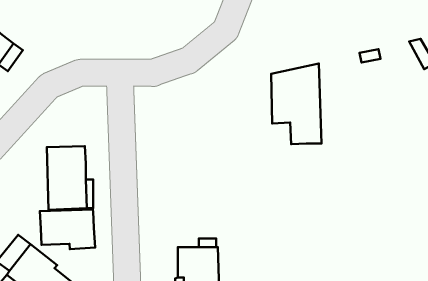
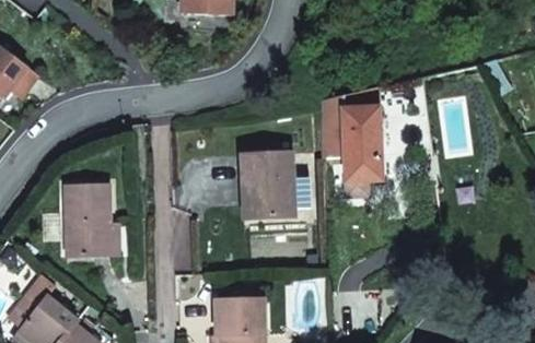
building: none -> [242,152,294,220]
building: [40,210,95,249] -> none

